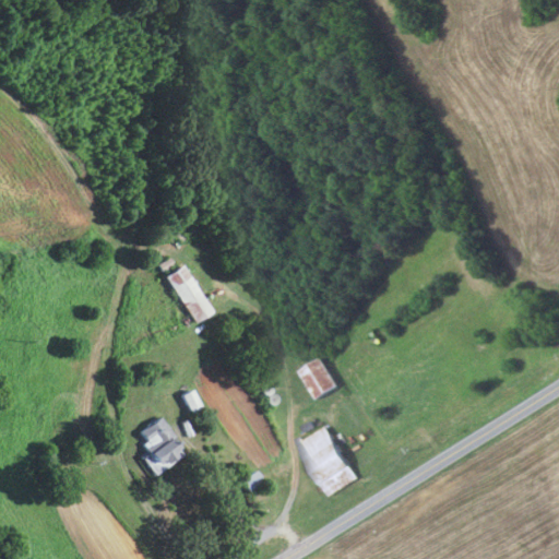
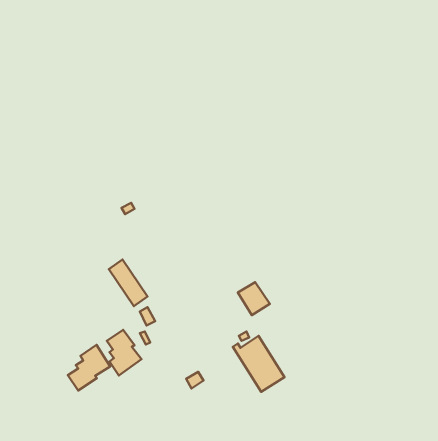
building: [163,264,212,323] -> [109,260,148,306]
building: none -> [68,345,110,390]

